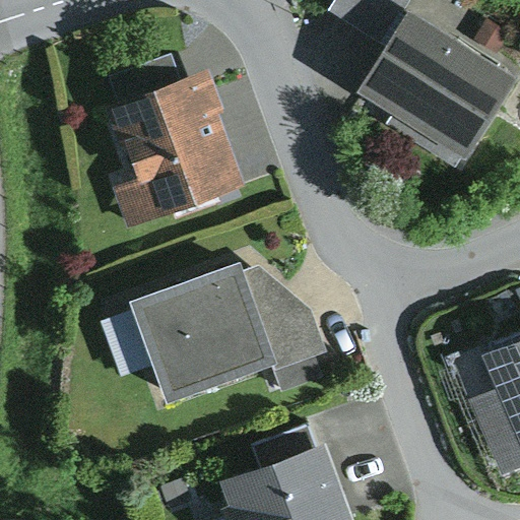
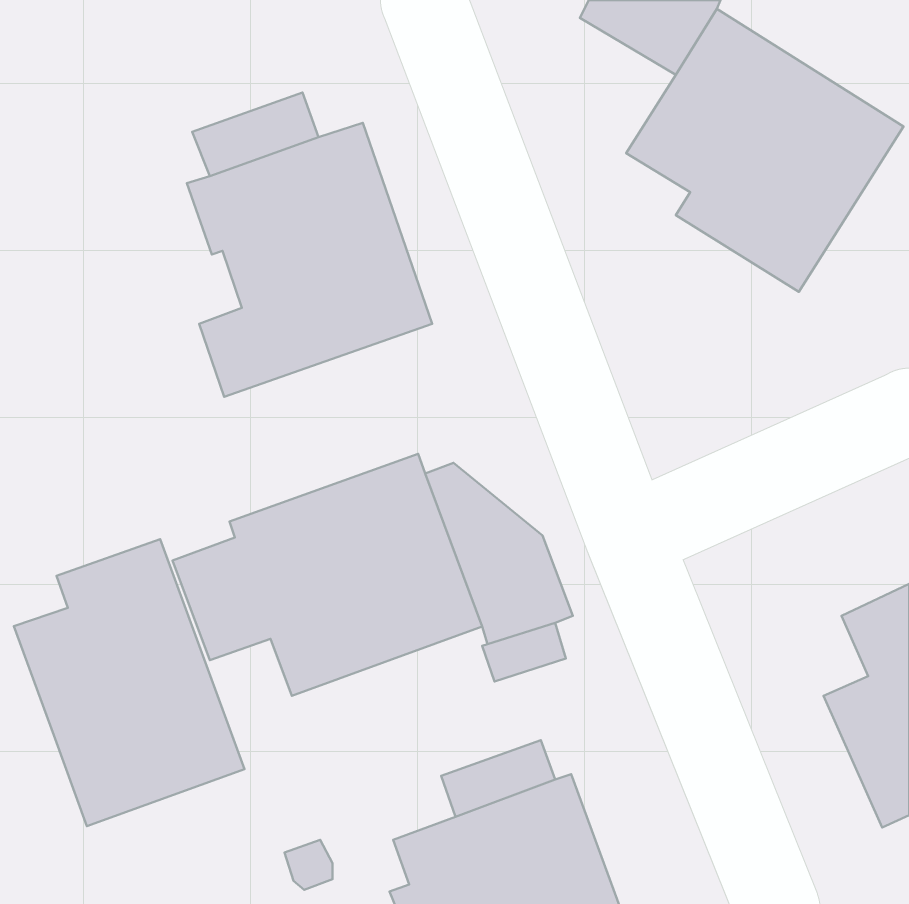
building: none -> [14,539,244,826]

